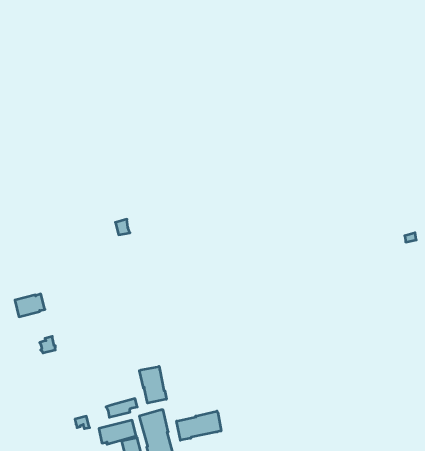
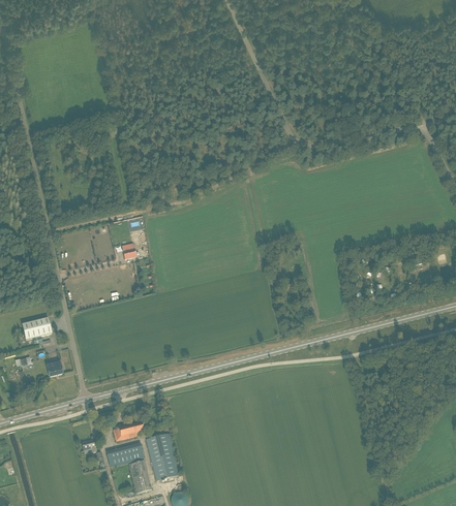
building: [139,366,166,403] -> none
building: [177,411,221,440] -> none

